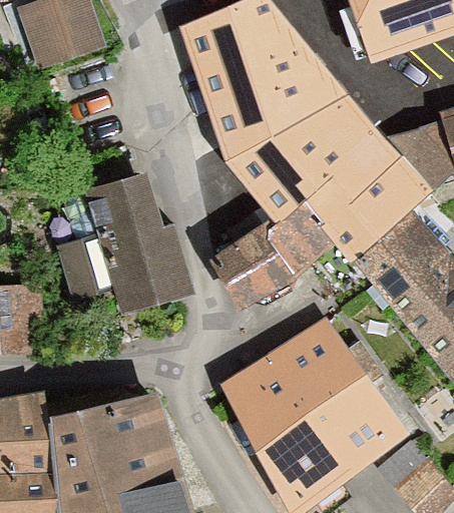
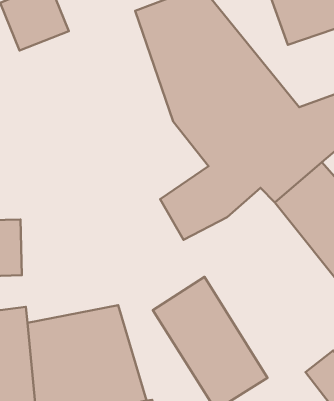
building: [86,178,188,308] -> none
building: [269,316,405,476] -> none

